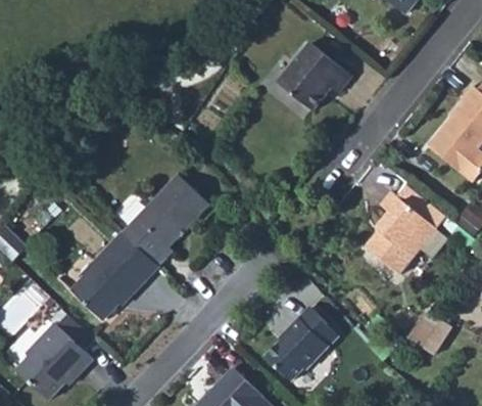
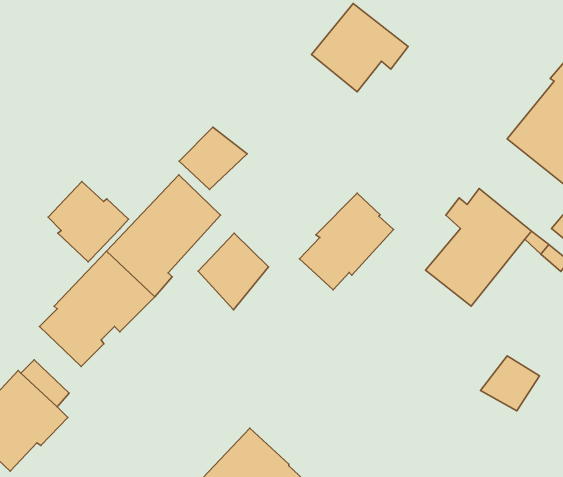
building: none -> [179,127,247,190]
building: none -> [48,181,128,262]
building: none -> [198,233,268,310]
building: [266,307,337,380] -> [300,193,393,290]

